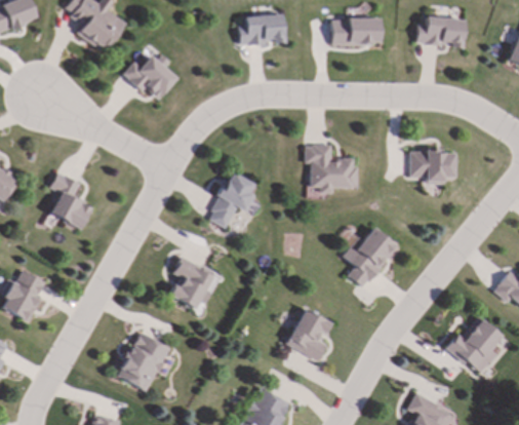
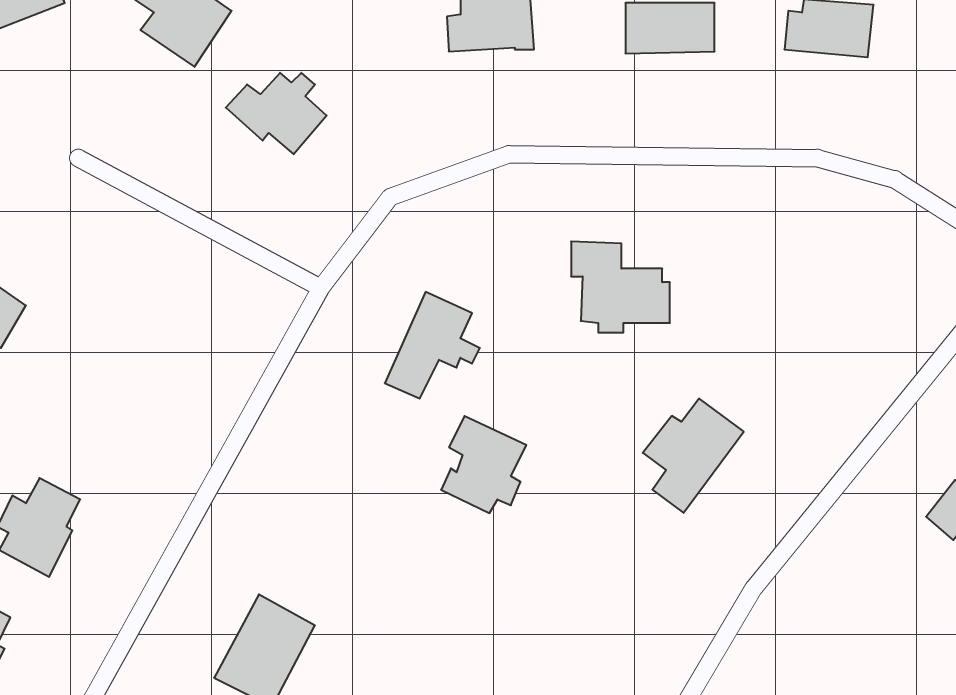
building: [410,151,455,184] -> none
building: [50,172,91,228] -> none
building: [168,257,213,308] -> [441,416,526,513]
building: [287,309,330,360] -> none
building: [448,315,501,375] -> none

